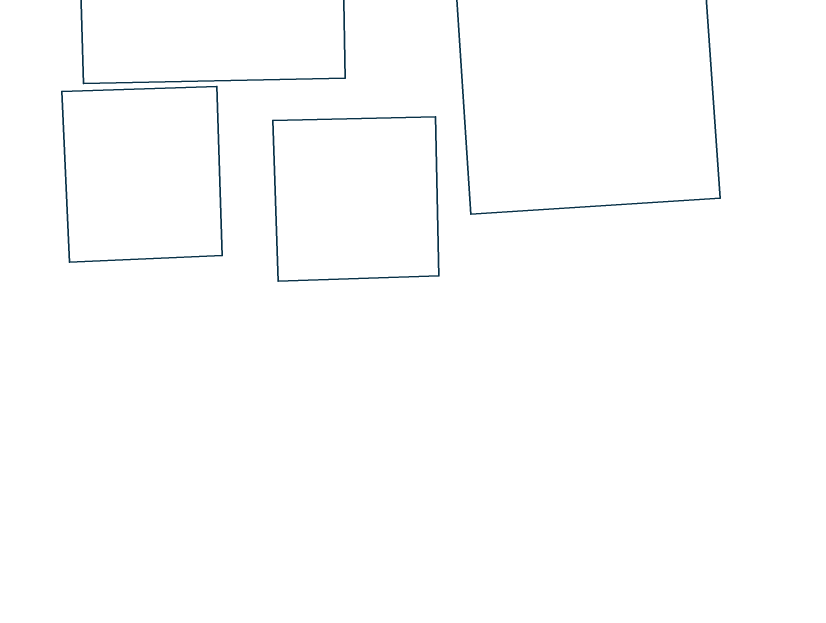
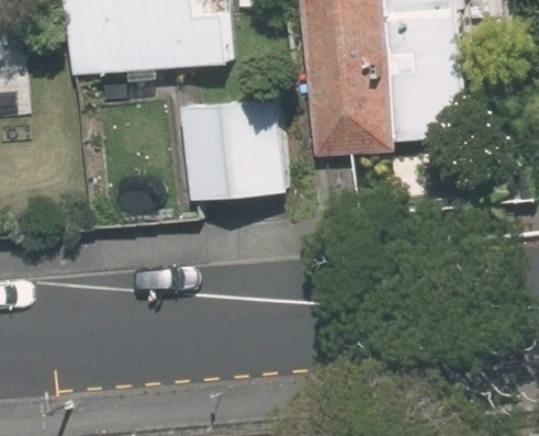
building: [62,86,222,262] -> none

